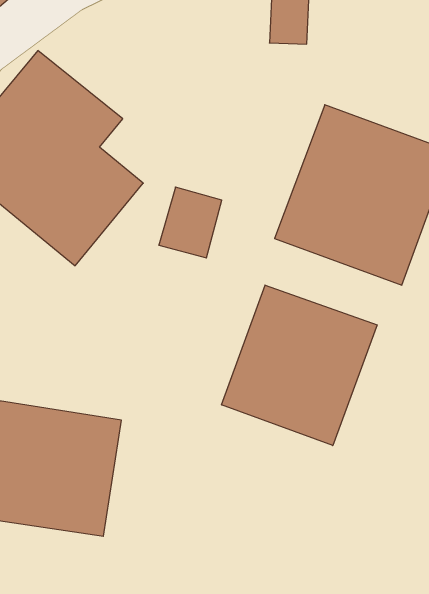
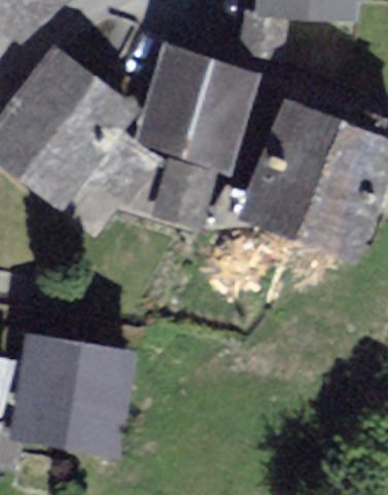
building: none -> [141,50,250,165]
building: [222,285,377,446] -> none

